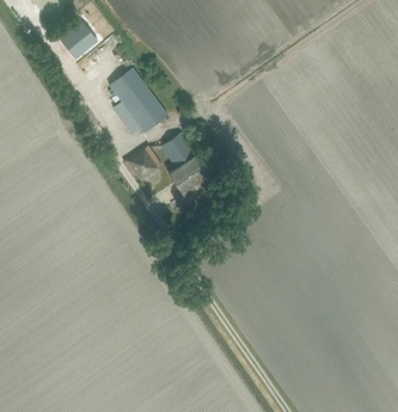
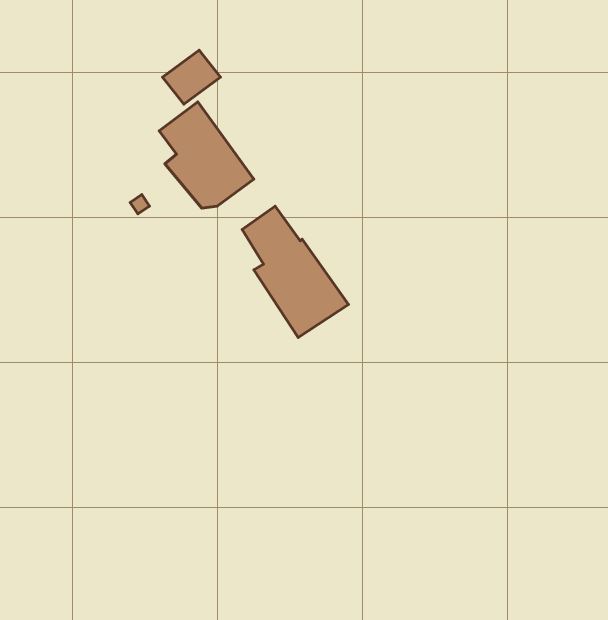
building: [60,24,96,57] -> [163,50,220,104]
building: [123,146,160,180] -> none

